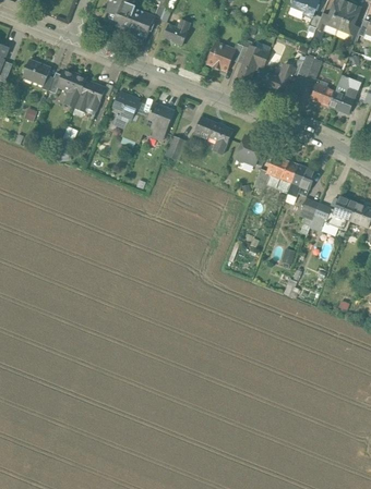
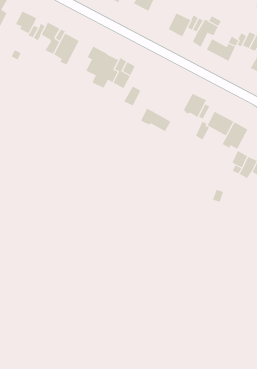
building: [194,118,231,144] -> [140,108,171,132]

